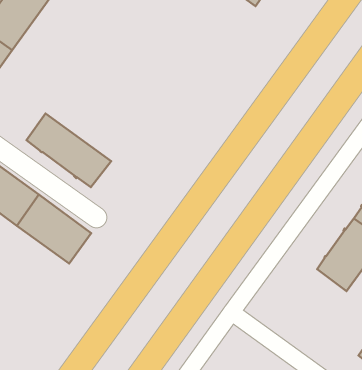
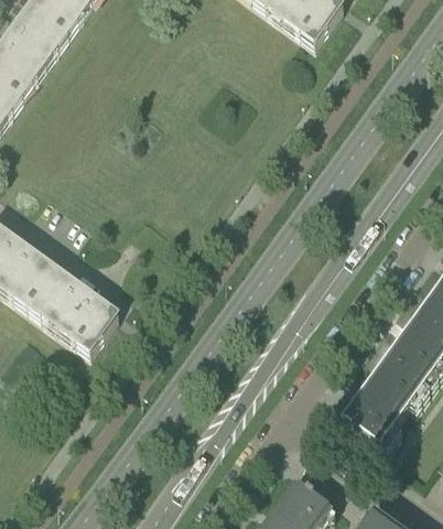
building: [27,113,111,187] -> none
building: none -> [338,357,421,445]

